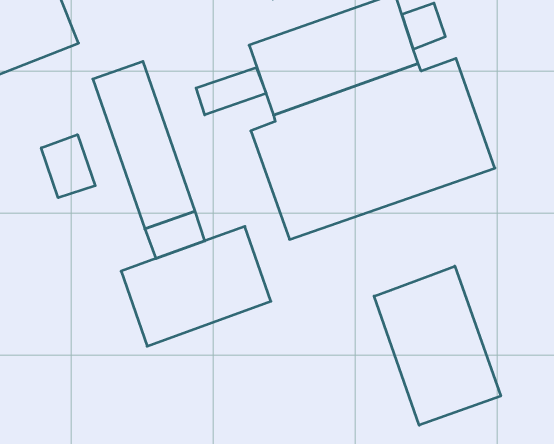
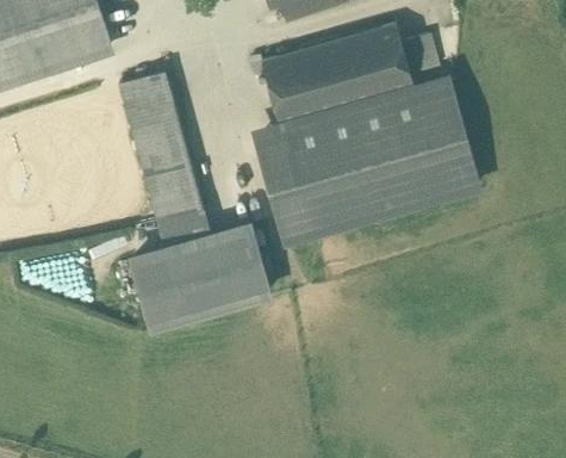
building: [196,68,266,115] -> none
building: [41,135,95,198] -> none
building: [374,266,501,425] -> none

